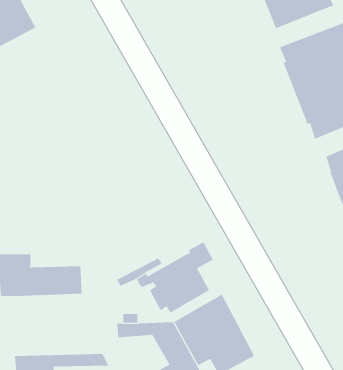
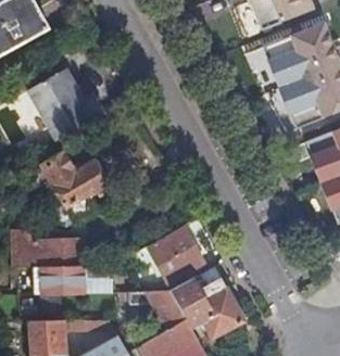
building: none -> [26,67,103,141]
building: none -> [43,156,114,221]
building: none -> [29,266,104,294]

